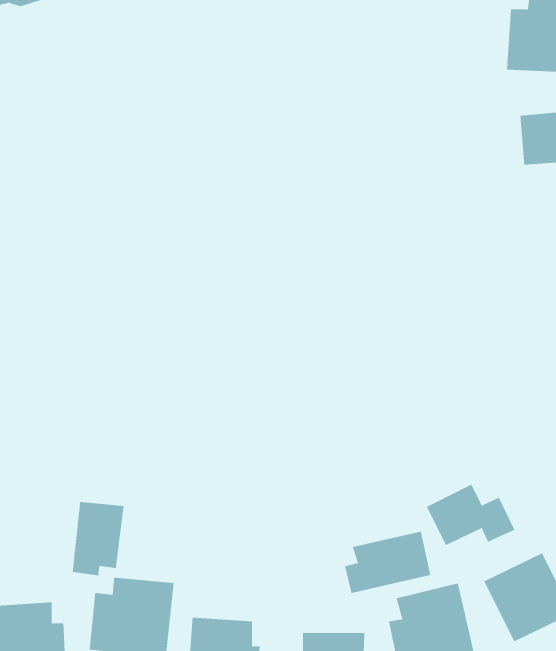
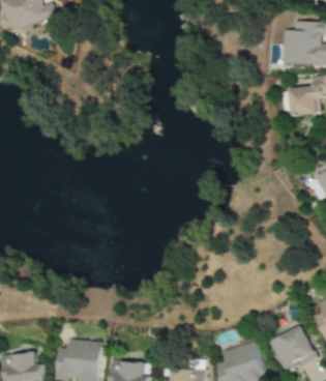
building: [426,484,515,546] -> none
building: [72,501,124,576] -> none
building: [345,531,431,594] -> none

